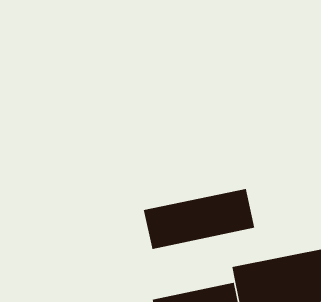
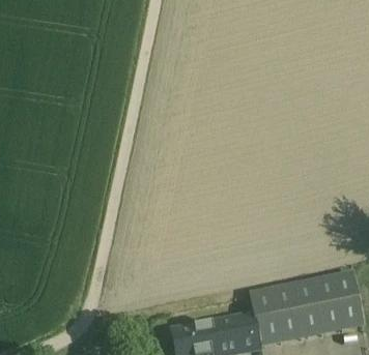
building: [143,188,255,250] -> none

